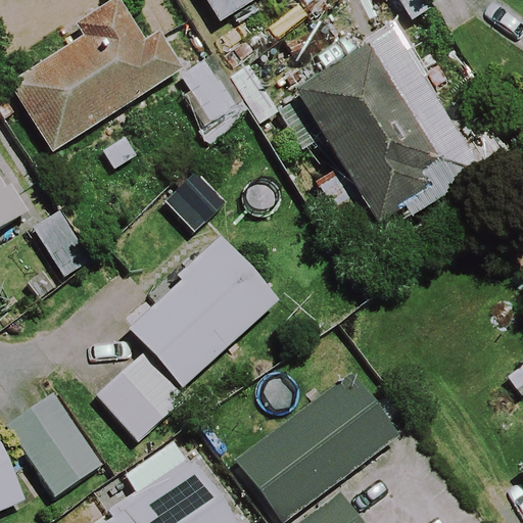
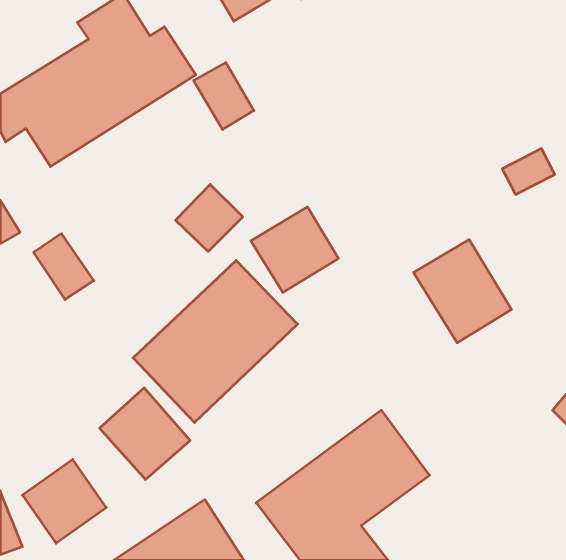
building: [295,46,453,222] -> none
building: none -> [251,207,338,292]
building: none -> [414,240,511,343]

